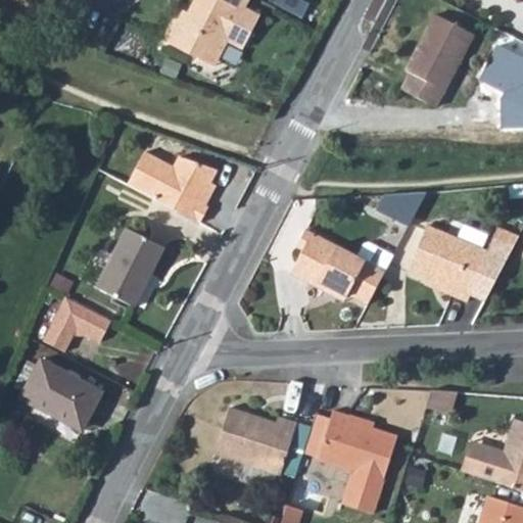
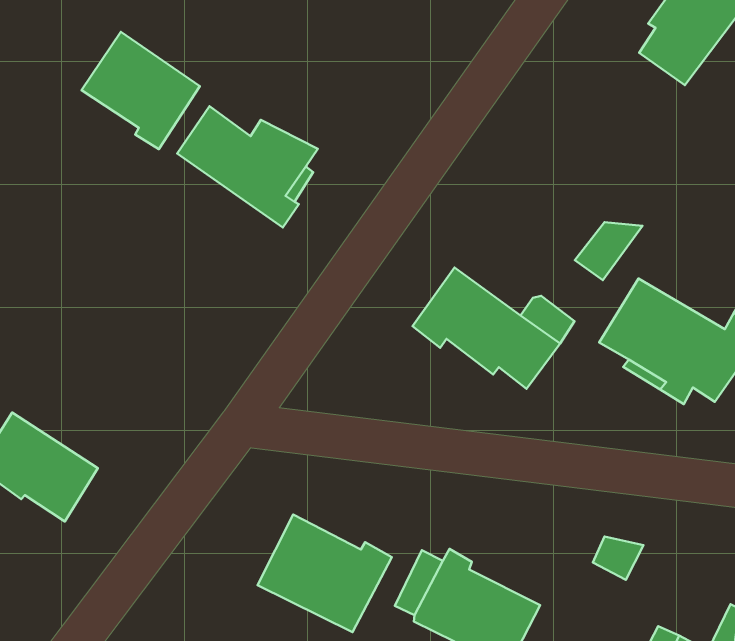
building: none -> [81,32,200,149]
building: [96,228,163,306] -> none
building: [40,295,111,351] -> none

